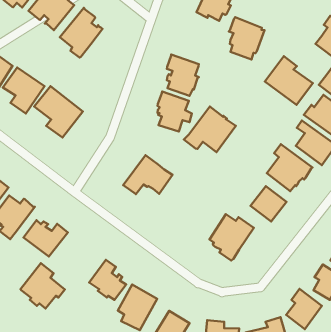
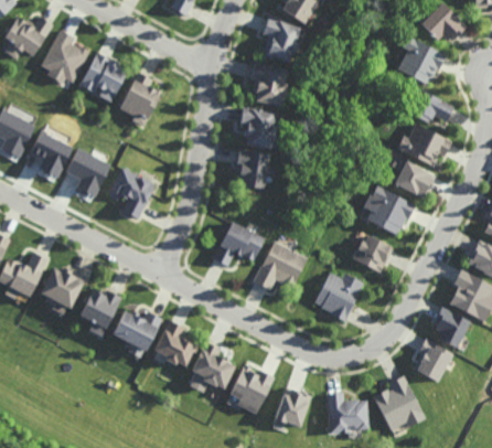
building: [229,17,264,59] -> [249,63,288,106]
building: [265,56,313,105] -> none
building: [184,107,236,152] -> [254,241,308,289]
building: [20,263,65,308] -> [151,320,200,369]

